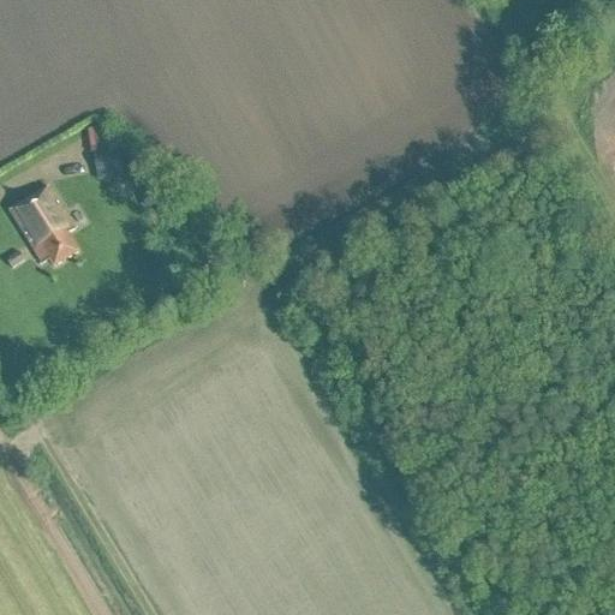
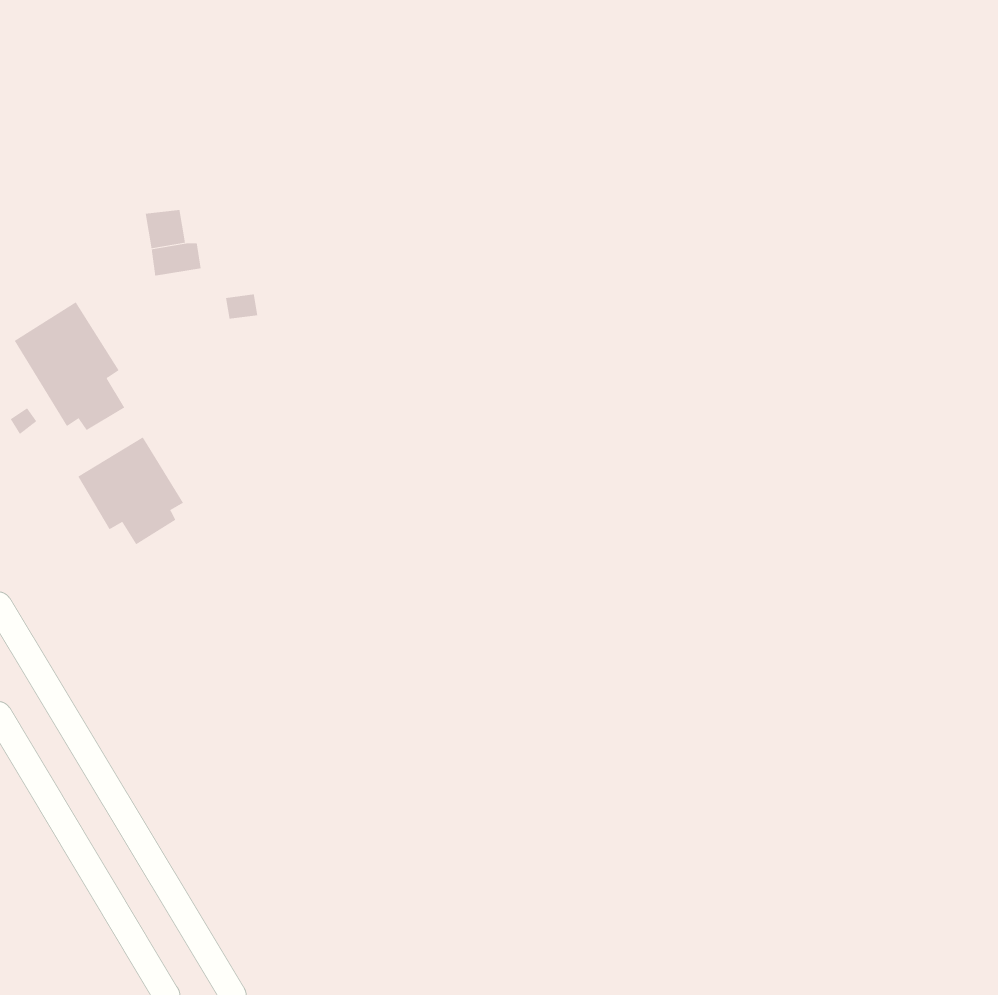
building: none -> [77,437,184,545]

